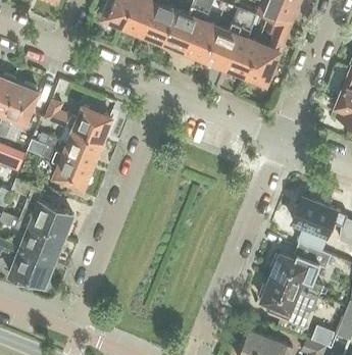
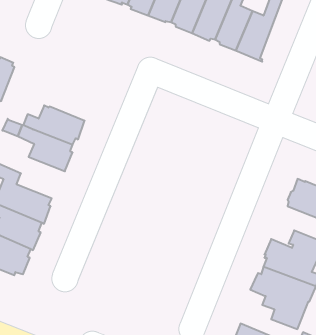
building: [45,99,113,142] -> none

